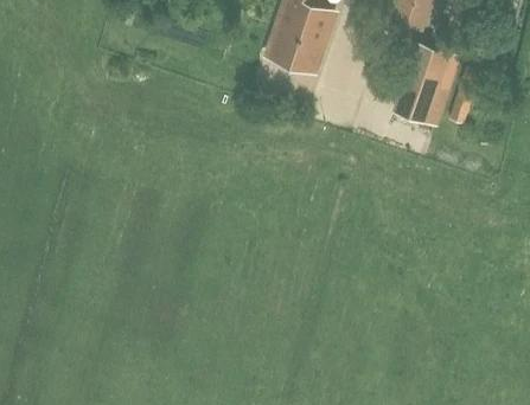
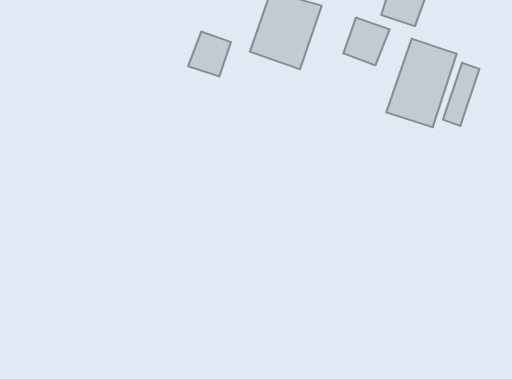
building: none -> [343,17,390,65]
building: none -> [188,31,231,77]

